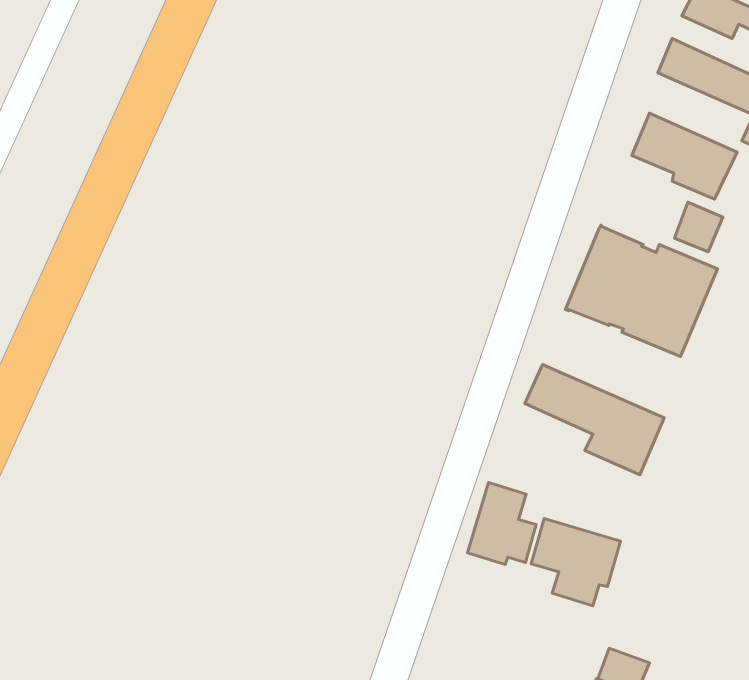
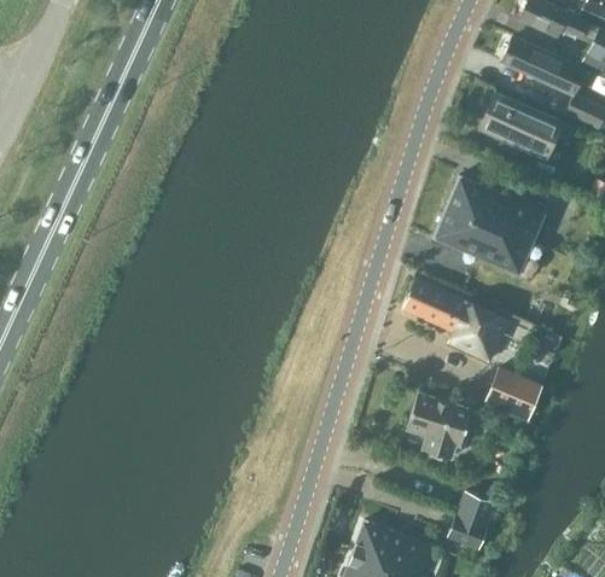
building: [674,202,723,252] -> none
building: [468,482,536,564] -> none
building: none -> [485,369,542,420]

